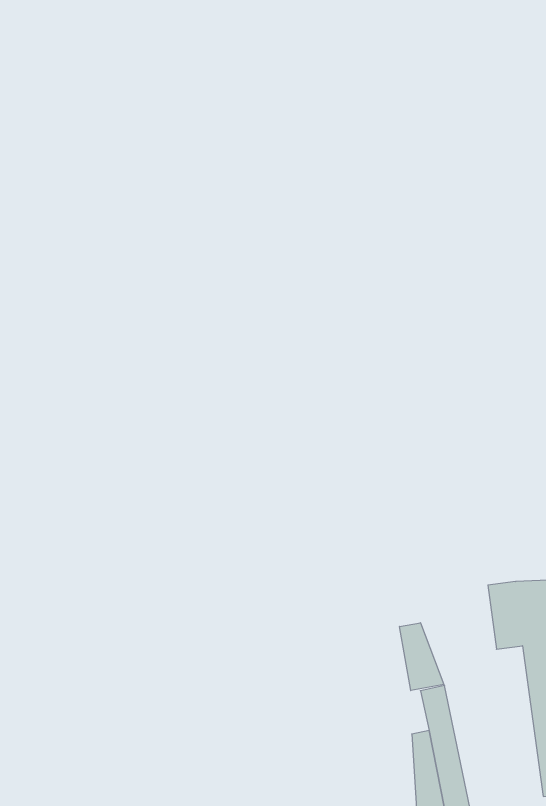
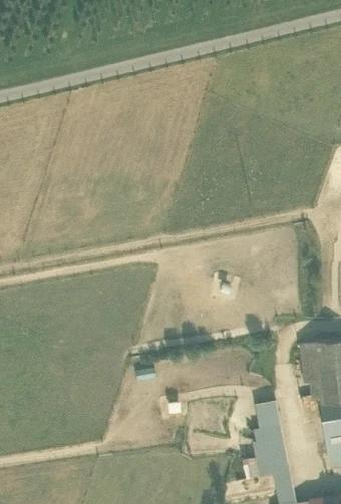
building: [400,623,444,691] -> none

